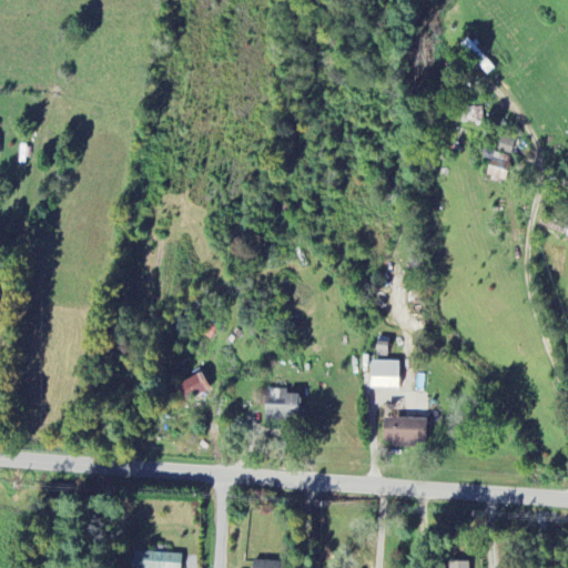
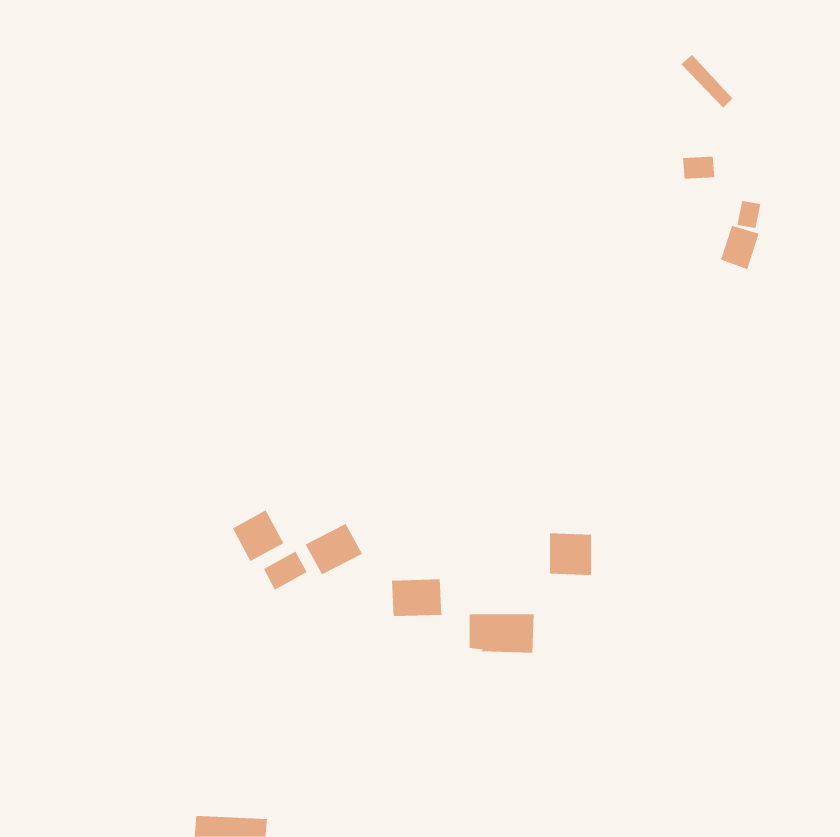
building: none -> [232,509,284,562]
building: none -> [305,523,363,575]
building: [383,417,427,444] -> [469,614,535,653]

